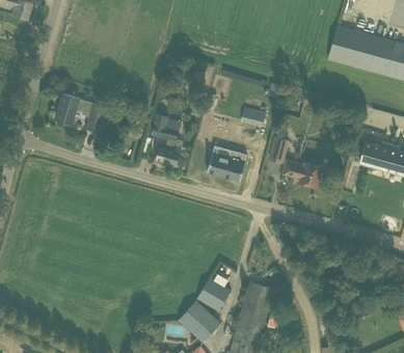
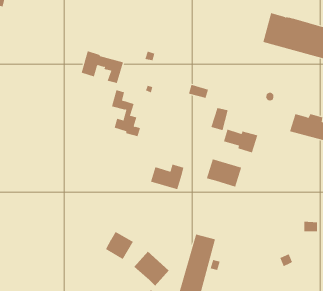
building: [56,92,106,131] -> [81,50,124,84]
building: [209,148,248,179] -> [150,164,184,190]
building: none -> [206,158,242,188]
building: [197,277,231,310] -> [105,231,134,260]

